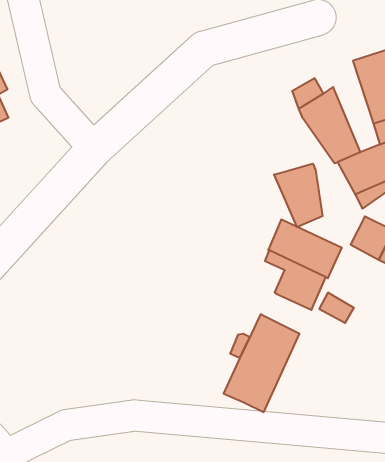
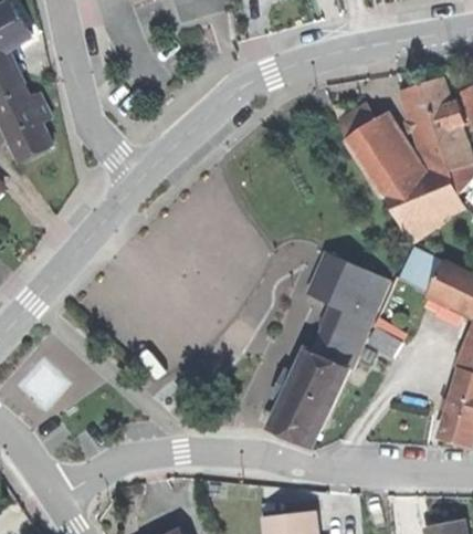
building: [274,164,323,227] -> none
building: none -> [313,327,360,368]

